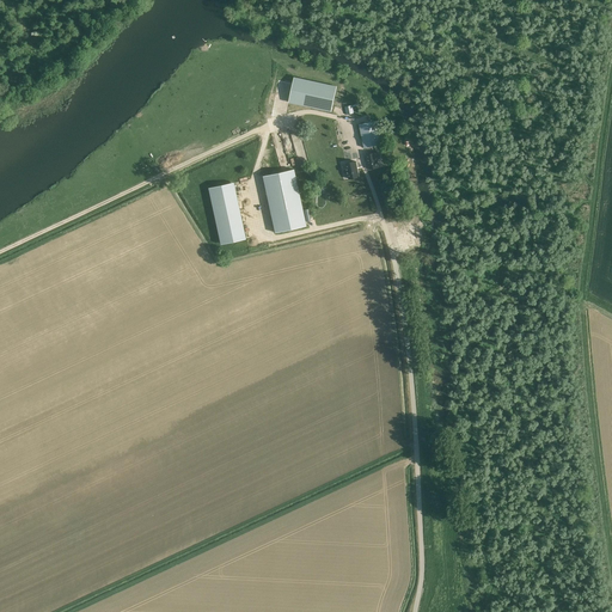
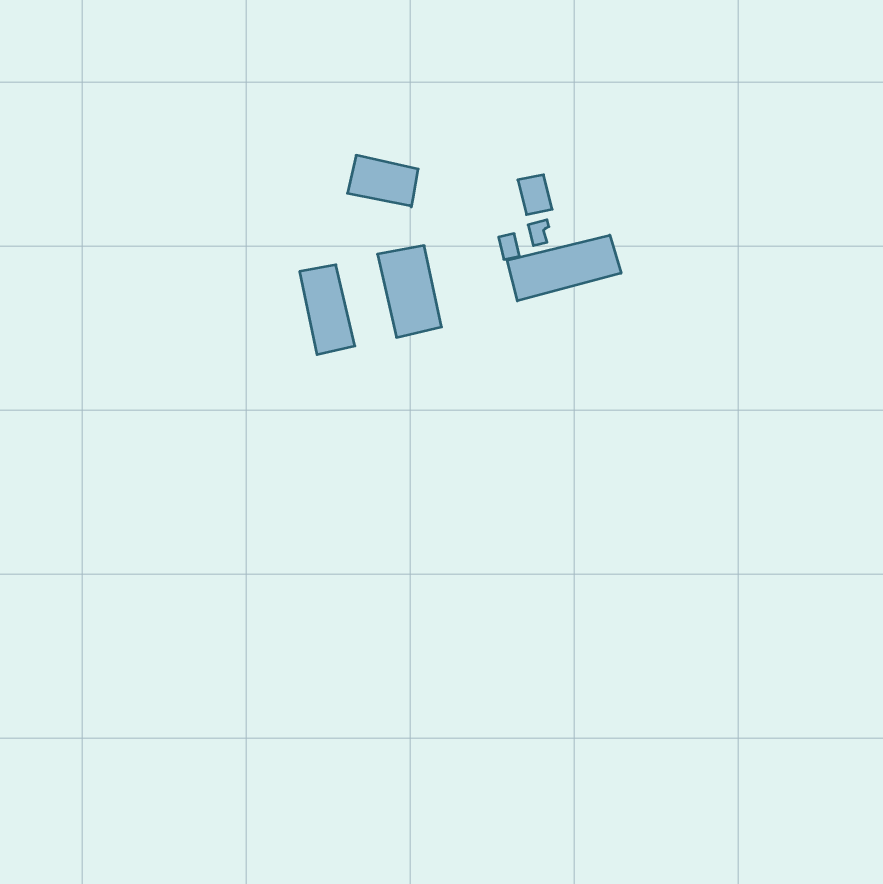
building: [287,76,336,112] -> [347,155,418,207]
building: none -> [507,235,621,301]

